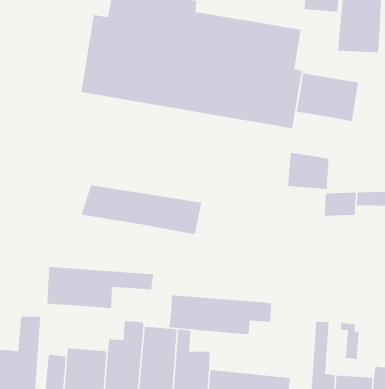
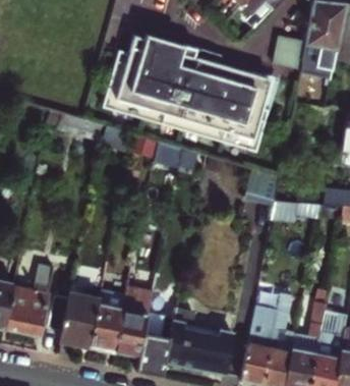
building: [296,72,359,122] -> none
building: [81,185,202,235] -> none
building: [47,266,154,309] -> none
building: [169,295,272,335] -> none

